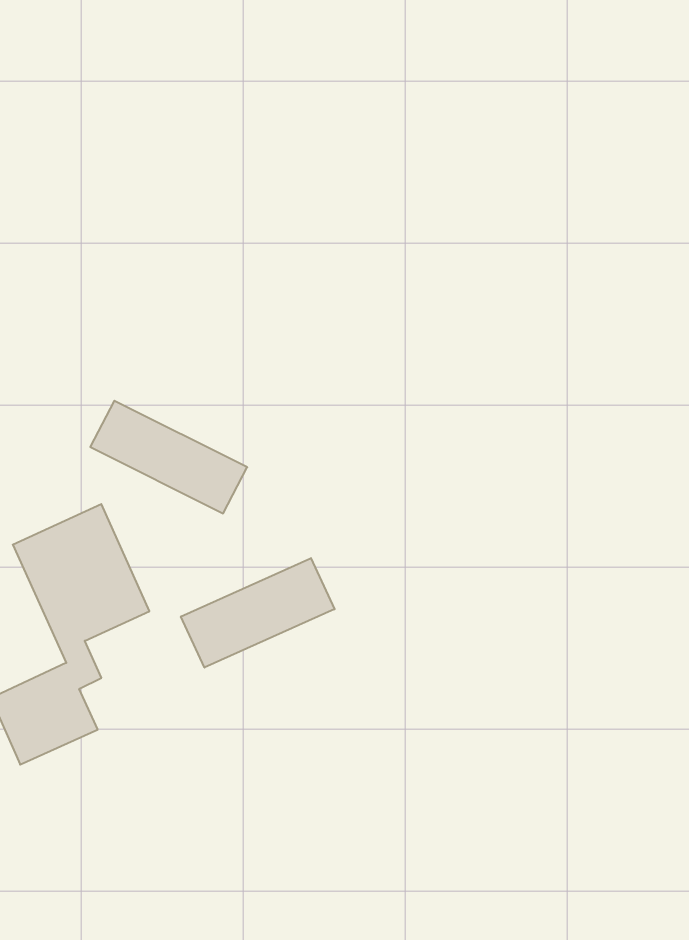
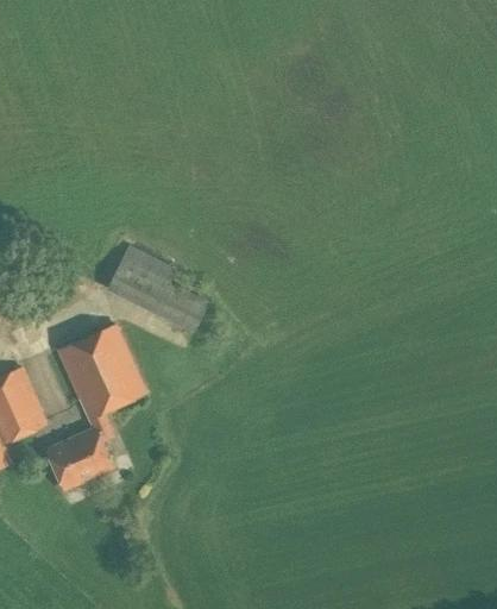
building: [181,558,335,668] -> none

